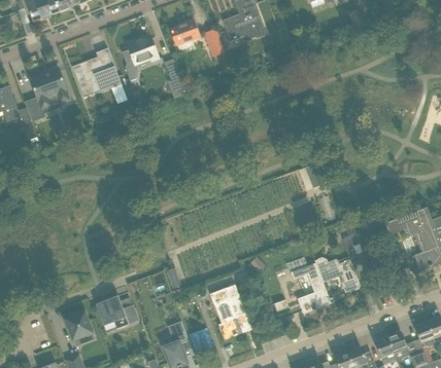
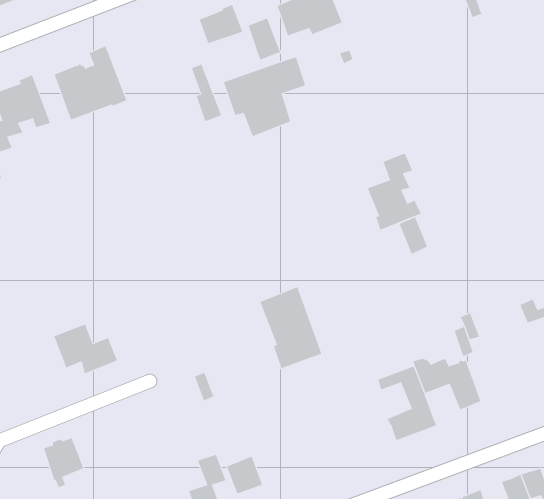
building: [122,35,160,79] -> none
building: none -> [223,57,306,137]
building: none -> [367,153,422,230]
building: [209,283,251,338] -> [260,287,322,369]
building: [96,294,139,328] -> [54,324,118,374]

